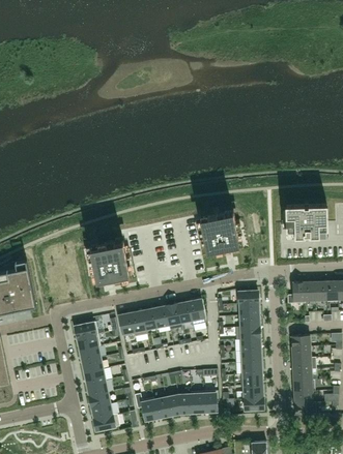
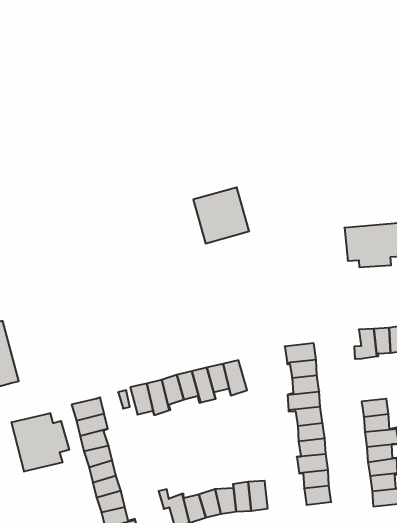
building: [200,211,240,251] -> [193,187,249,243]
building: [90,241,131,281] -> none
building: none -> [12,413,69,472]

